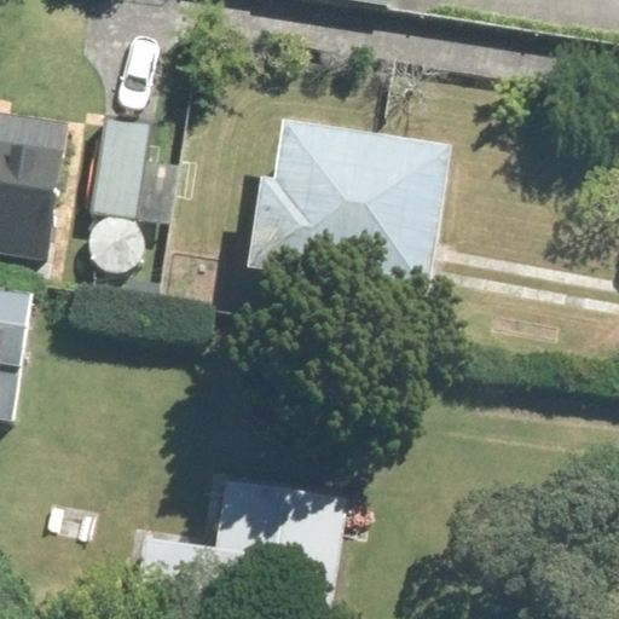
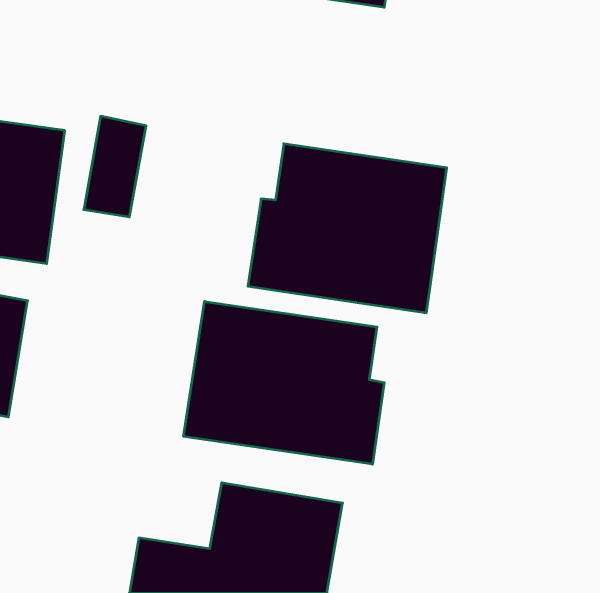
building: none -> [184,301,384,464]

